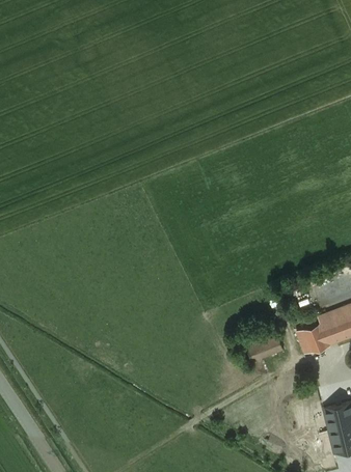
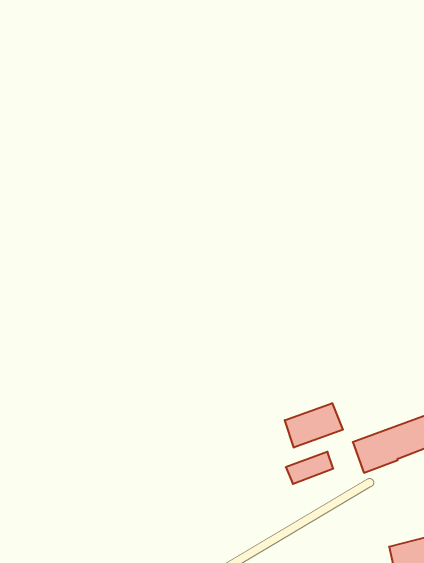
building: none -> [285,403,343,448]

